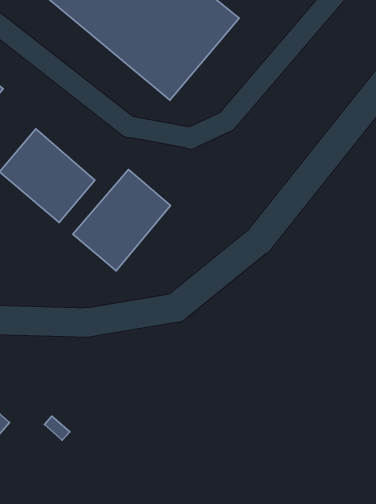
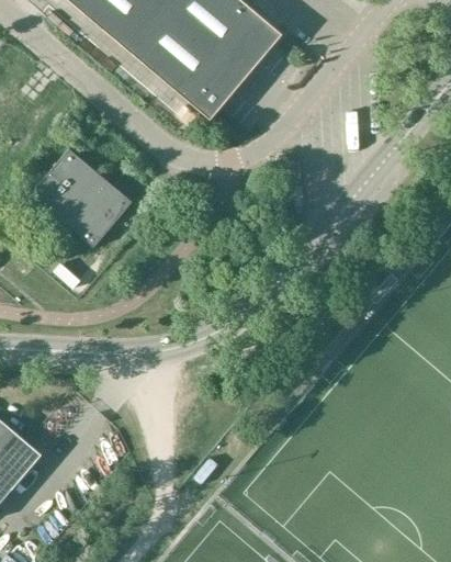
building: [73,170,171,271] -> none

